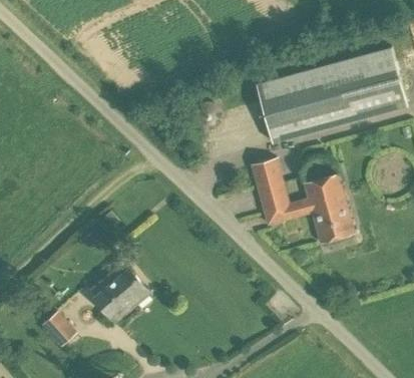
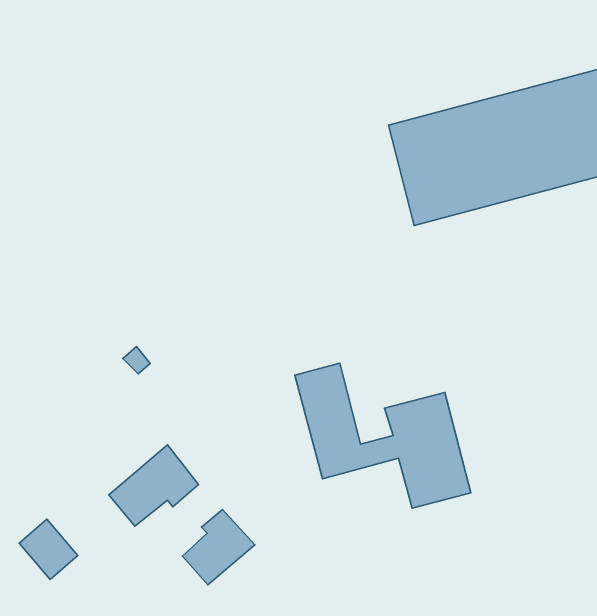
building: [251,156,353,241] -> [295,363,471,508]
building: none -> [183,510,255,585]

